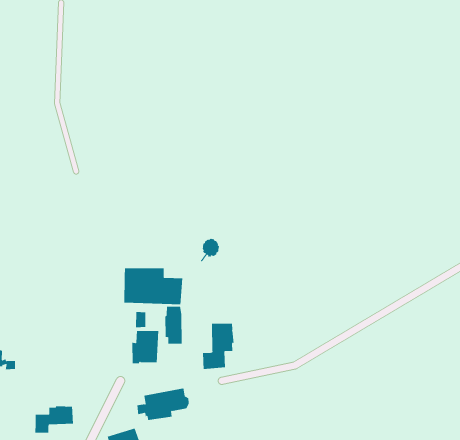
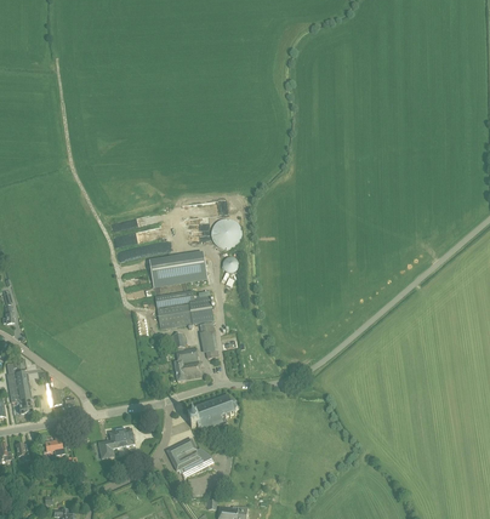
building: none -> [210,218,241,249]
building: none -> [149,253,206,285]
building: [202,323,234,370] -> none

